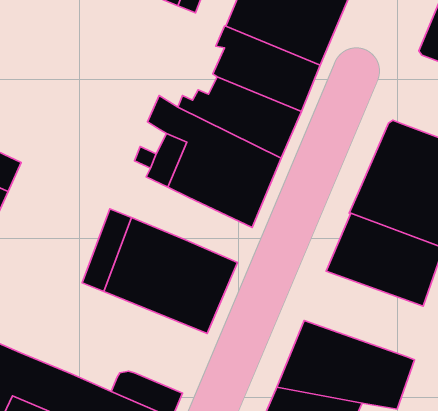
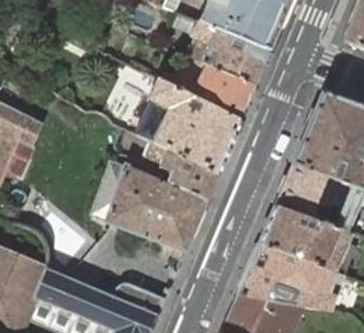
building: none -> [162,150,218,199]
building: none -> [258,206,352,271]

